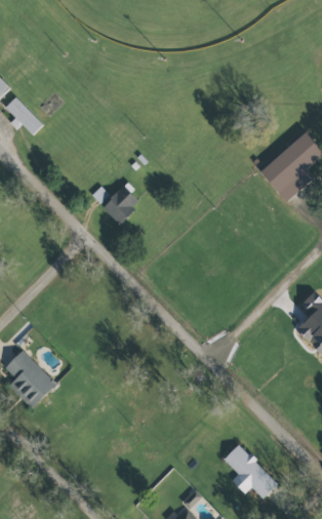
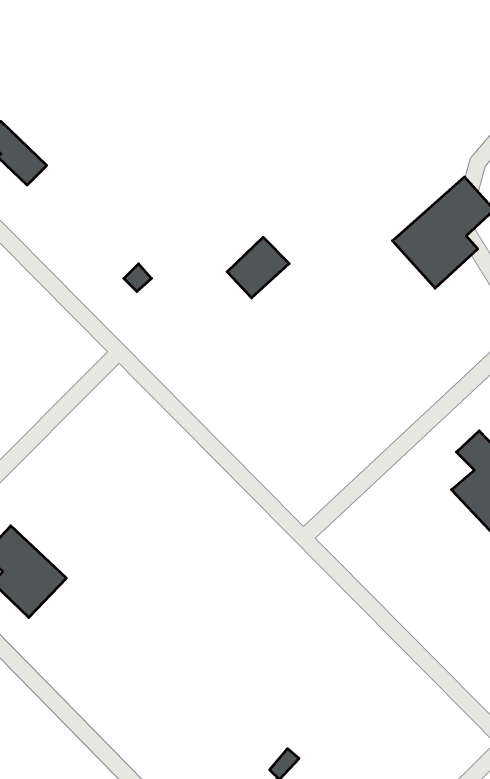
building: [103,186,142,224] -> [227,237,289,298]
building: [224,444,278,500] -> none

